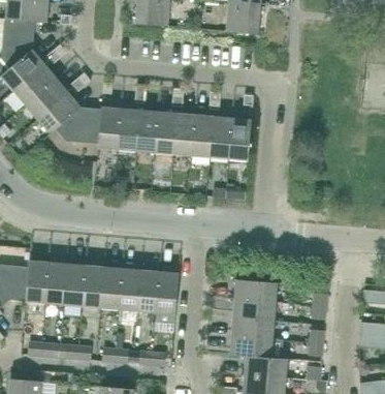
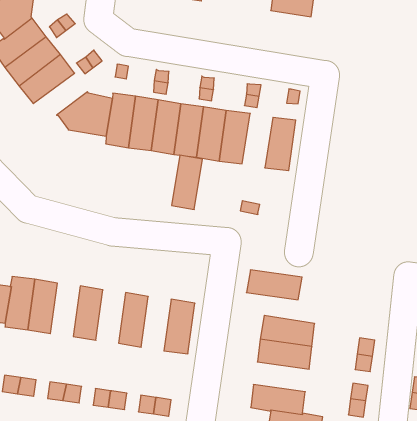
building: [37,92,81,134] -> none
building: [210,116,232,159] -> [172,155,202,209]
building: [63,264,85,306] -> none
building: [100,267,122,309] -> none
building: [137,270,159,313] -> none
building: [230,317,275,339] -> [246,270,302,300]

